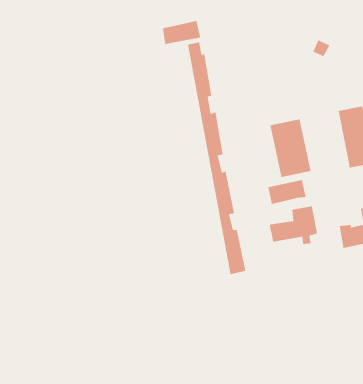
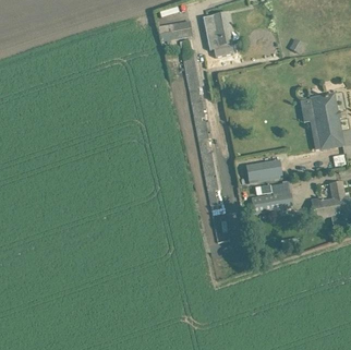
building: none -> [205,11,231,52]
building: [270,119,311,178] -> none

